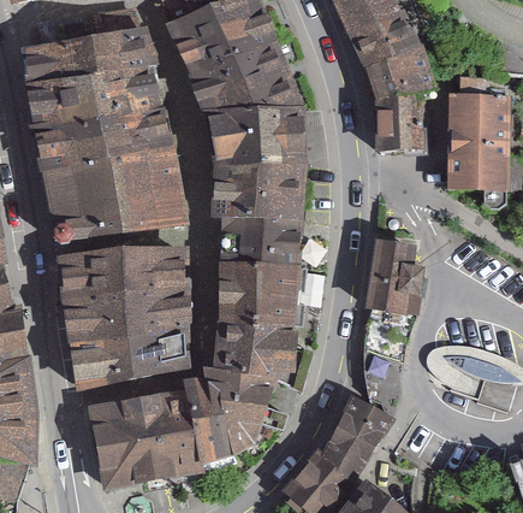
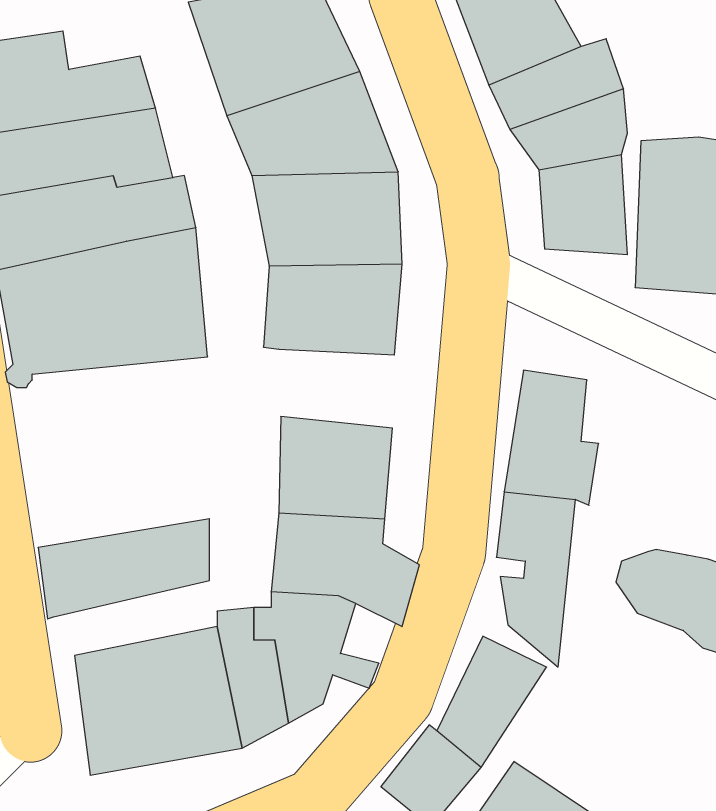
building: [89,14,137,47] -> none
building: [224,222,296,271] -> none
building: [63,253,182,346] -> none

